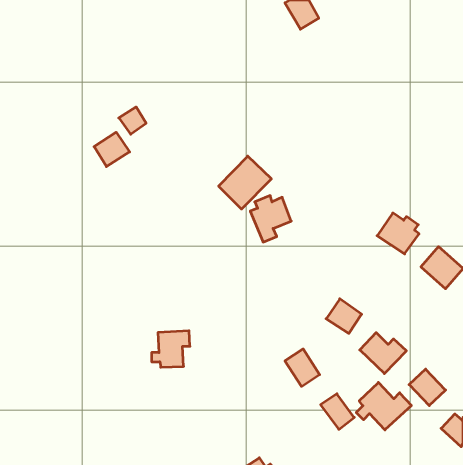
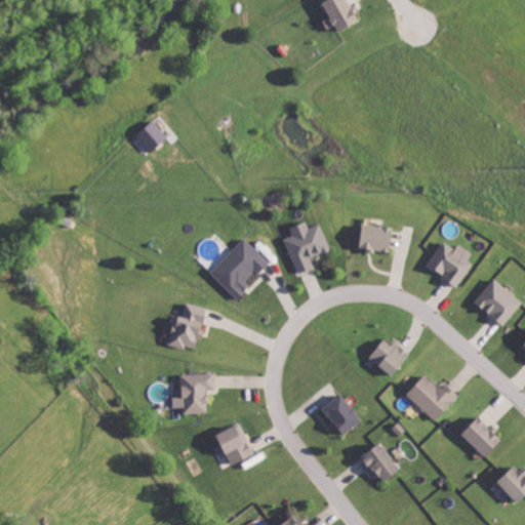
building: [94,132,130,167] -> none
building: [219,156,271,209] -> [208,239,268,298]
building: none -> [358,225,392,252]
building: none -> [166,304,205,351]
building: none -> [215,425,250,466]
building: [356,382,411,430] -> none

